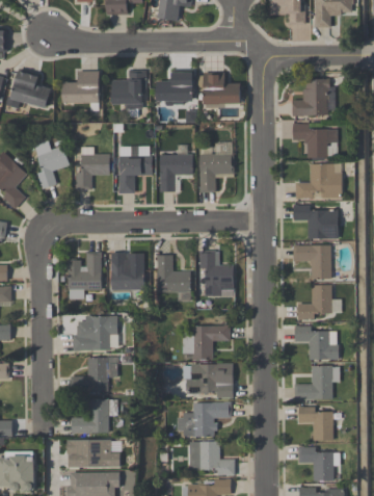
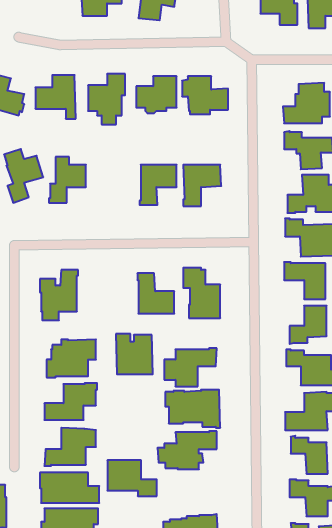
building: [118,146,153,193] -> none
building: [111,252,145,289] -> [116,334,153,374]
building: [189,442,235,475] -> [107,460,157,496]

